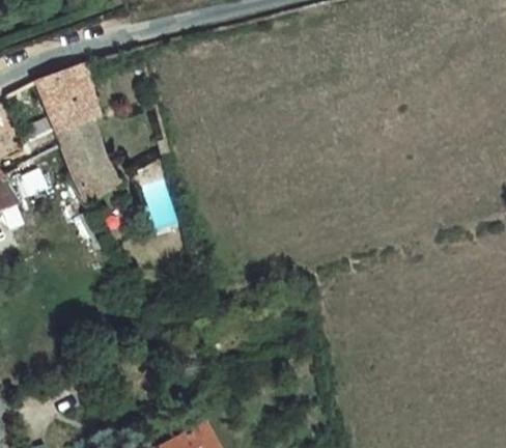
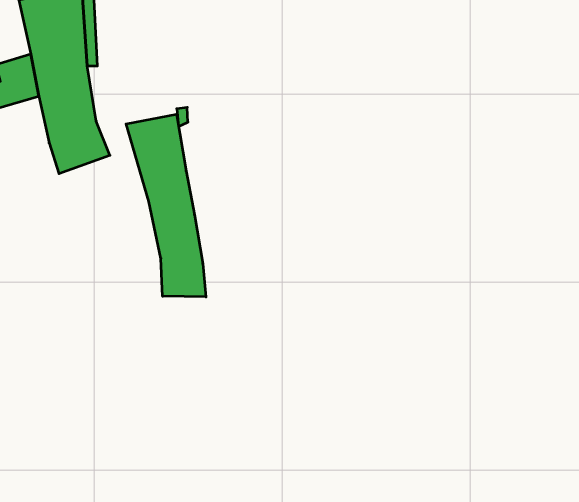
building: none -> [126,114,206,297]

